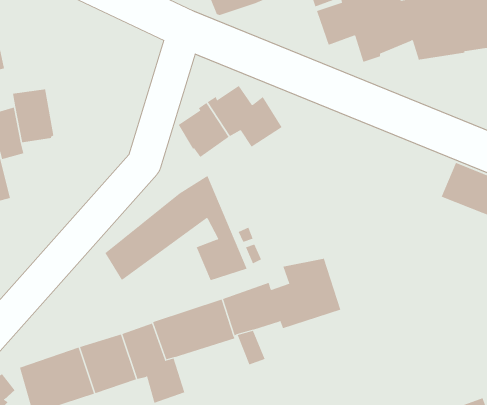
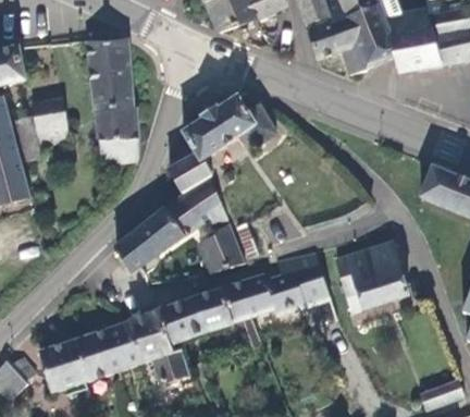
building: none -> [87,38,138,164]
building: none -> [168,152,211,193]
building: none -> [336,242,408,312]

